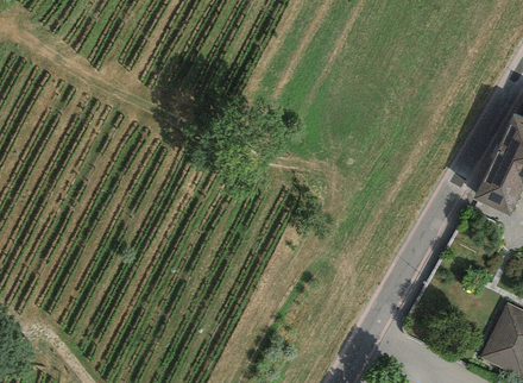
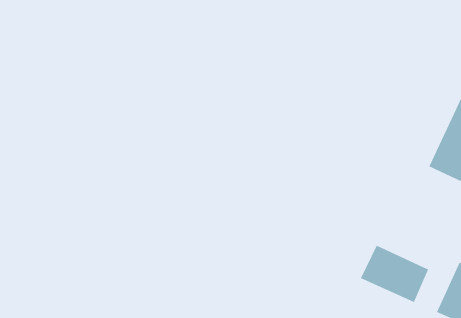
building: none -> [360,245,429,303]

